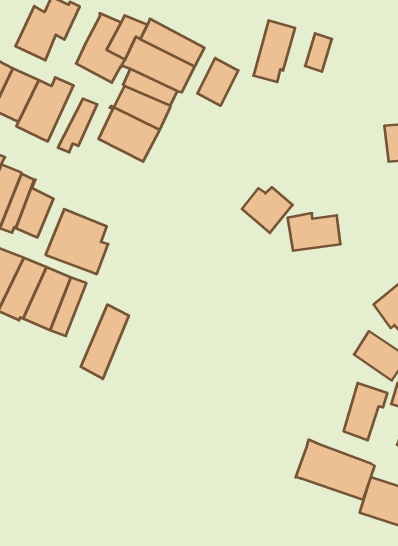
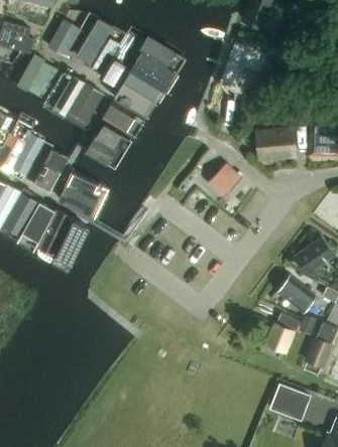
building: none -> [78,22,111,63]
building: [197,58,238,106] -> none
building: none -> [84,120,134,170]
building: [288,213,341,251] -> [259,133,297,159]
building: [81,305,129,379] -> none
building: [296,440,374,500] -> none

